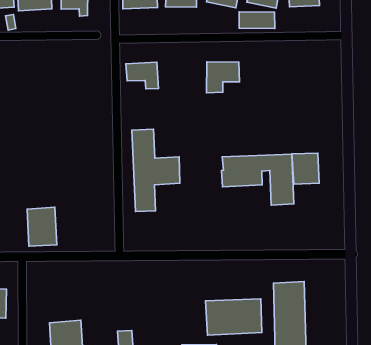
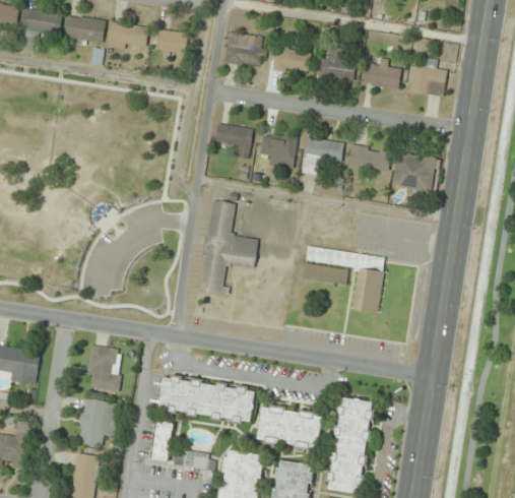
building: [239,12,275,28] -> [347,145,390,171]
building: none -> [391,153,435,192]
building: none -> [258,132,297,169]
building: [292,153,319,184] -> none
building: [27,207,57,246] -> [85,347,122,392]
building: none -> [157,375,255,424]

